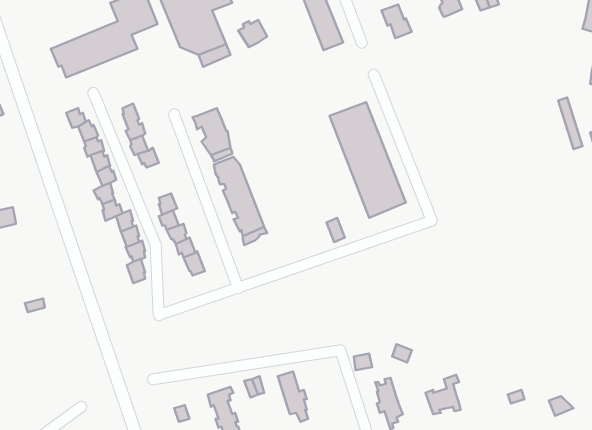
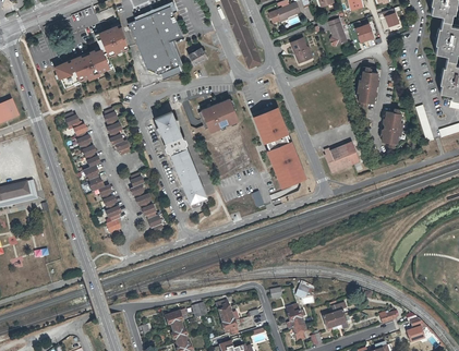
building: none -> [357,68,378,106]
building: none -> [202,97,240,132]
building: none -> [381,109,401,147]
building: none -> [324,143,360,173]

